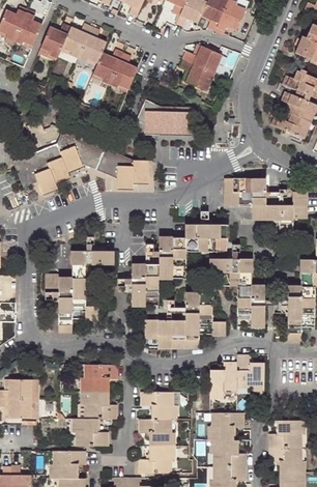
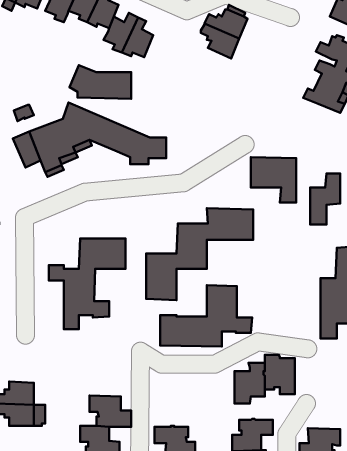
building: [137,101,192,131] -> [69,65,131,99]
building: [210,258,264,326] -> none
building: [81,364,118,392] -> none
building: [141,391,176,419] -> none

